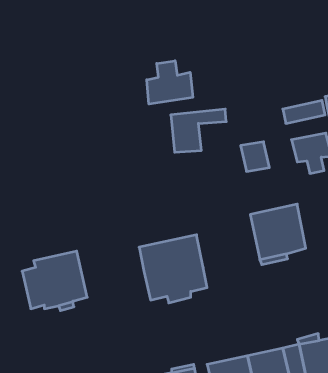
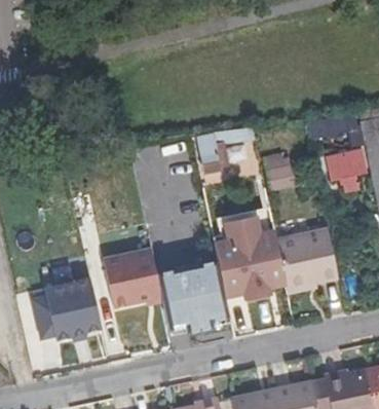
building: [147,61,193,104] -> none
building: none -> [217,218,287,298]
building: none -> [100,226,163,310]

